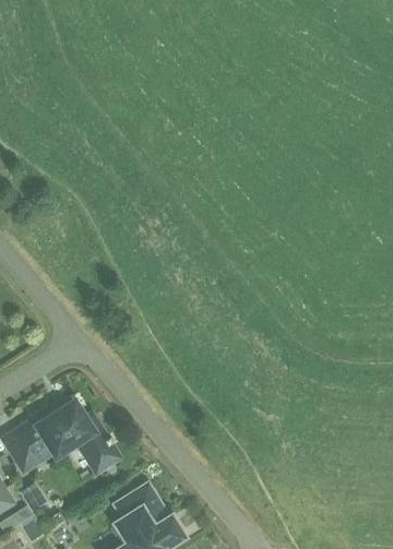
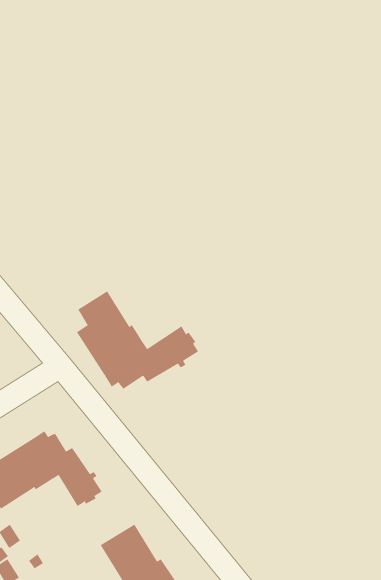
building: none -> [76,290,199,390]

